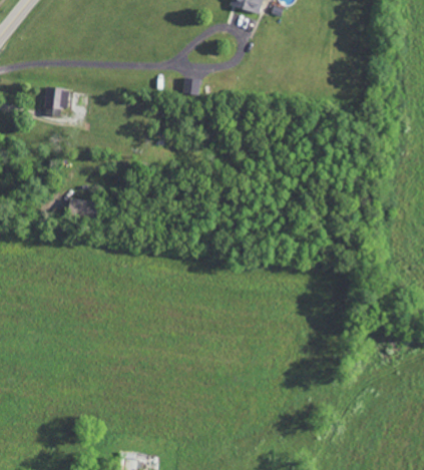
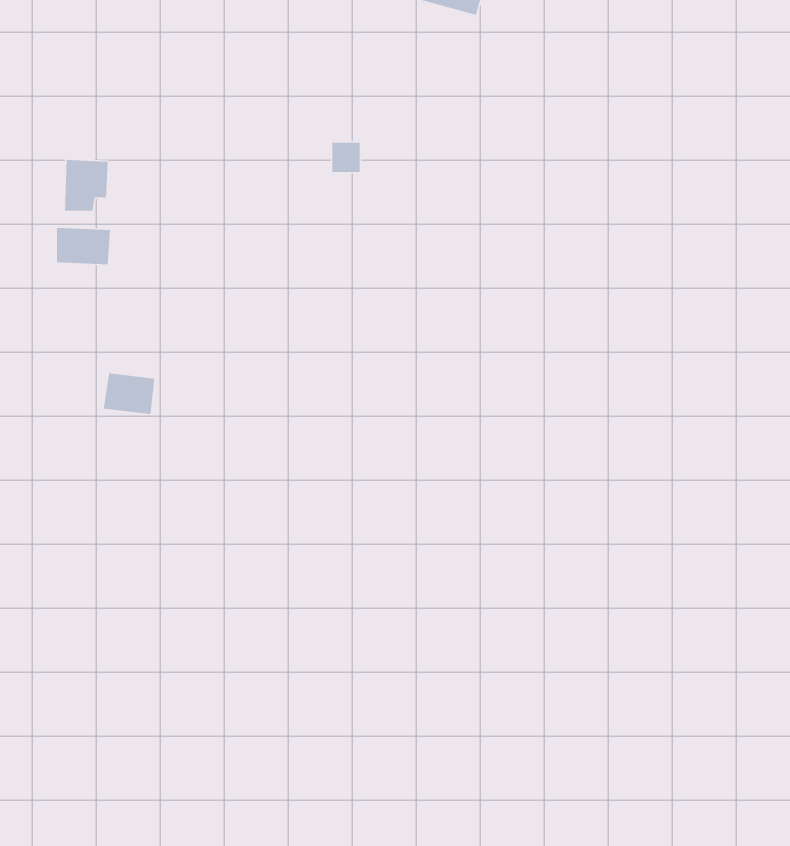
building: none -> [56,227,111,265]

